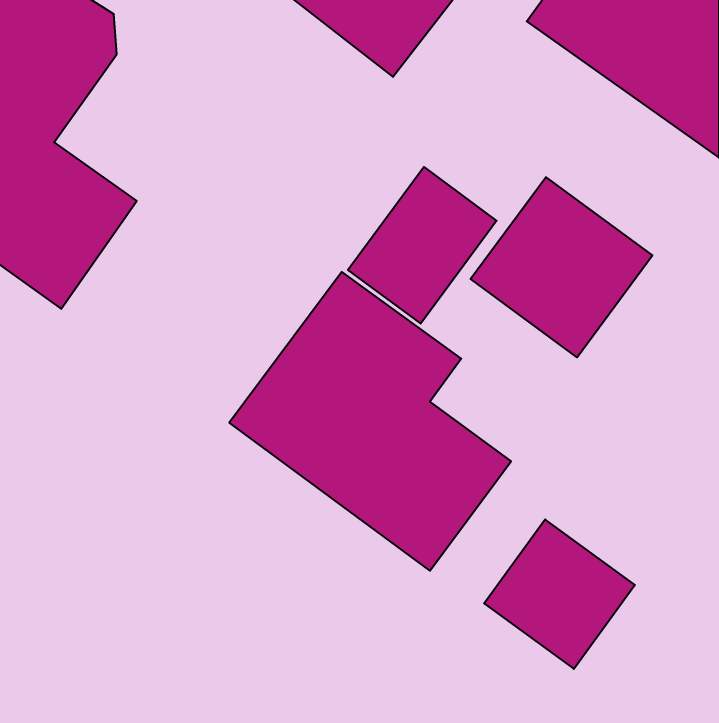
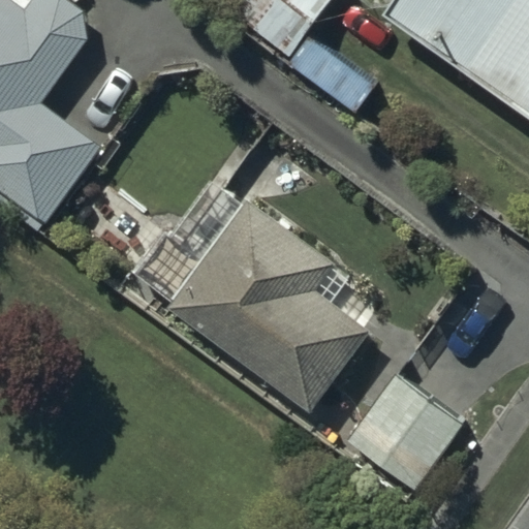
building: [348,167,497,324] -> none
building: [471,177,652,357] -> none

